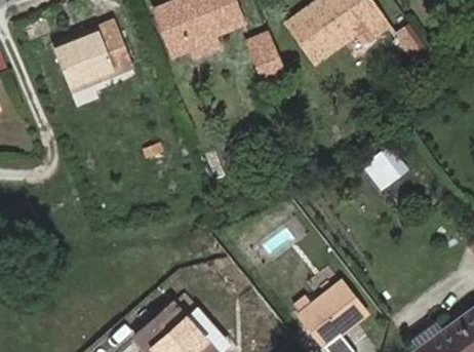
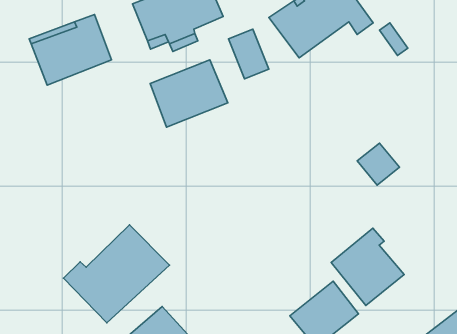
building: none -> [150,60,228,127]
building: none -> [63,225,169,323]
building: none -> [331,228,404,306]

